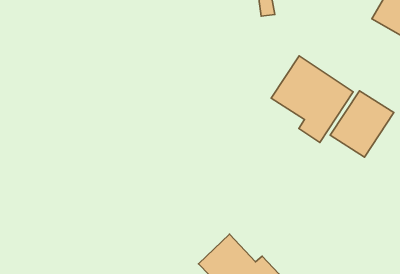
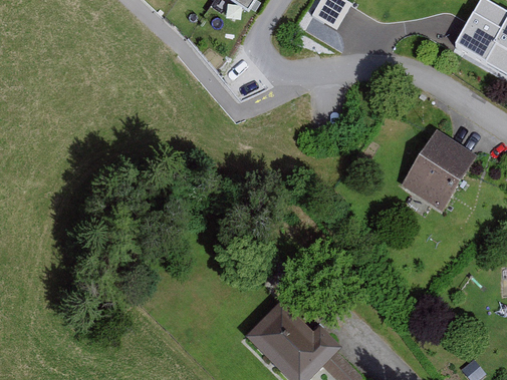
building: [271,56,353,142] -> none

